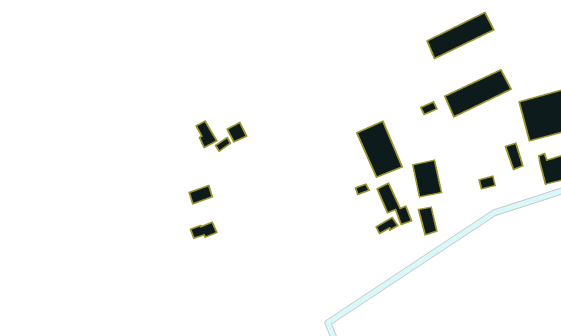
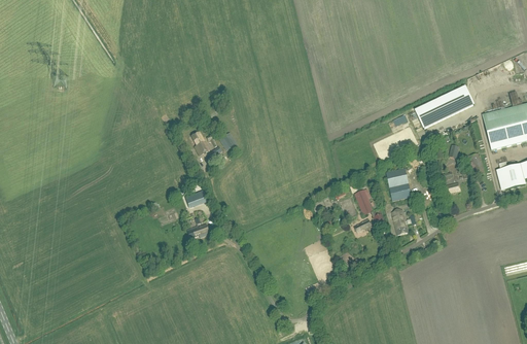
building: [427,13,494,58] -> none
building: [357,121,402,177] -> none

